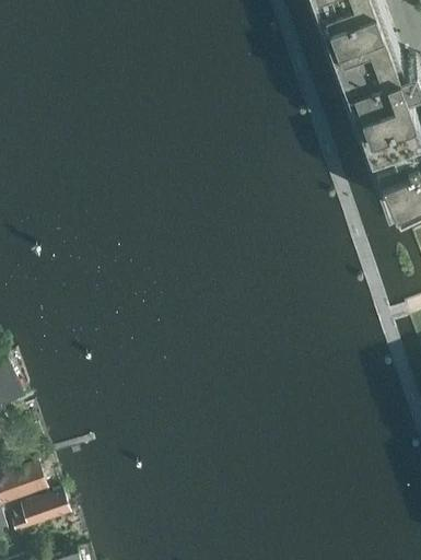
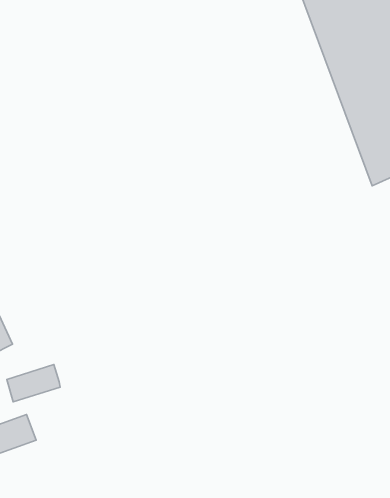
building: [16,494,71,533] -> [7,365,60,402]

